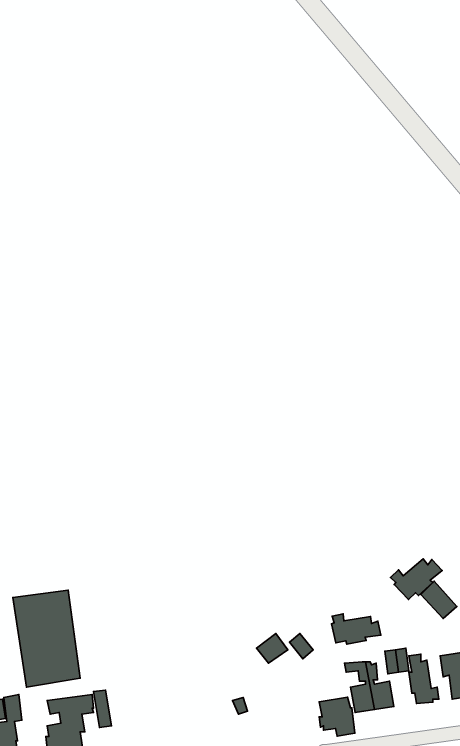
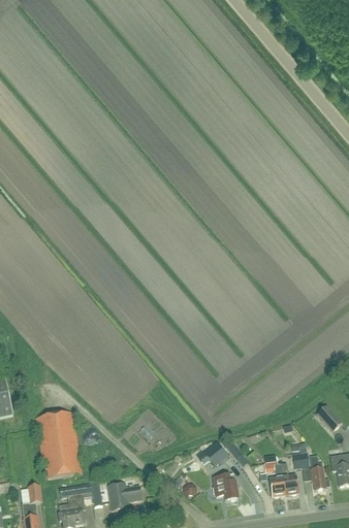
building: [390,559,442,599] -> none
building: [332,614,381,644] -> none
building: none -> [107,483,140,509]
building: [319,697,355,736] -> [213,472,237,499]

